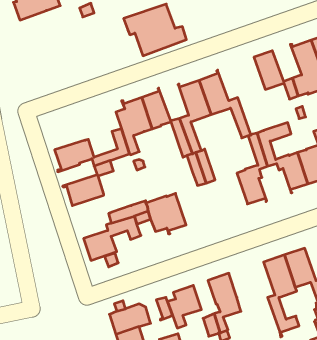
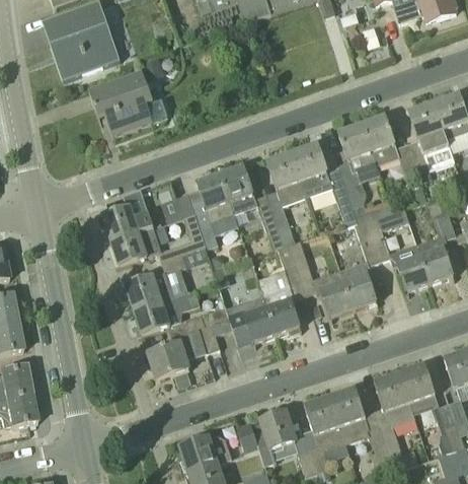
building: [124,4,186,56] -> [88,70,167,135]
building: none -> [338,123,376,220]
building: none -> [161,192,196,220]
building: none -> [99,207,154,239]
building: none -> [316,269,354,320]
building: none -> [258,272,301,334]
building: none -> [134,288,201,336]
building: none -> [330,387,394,474]

